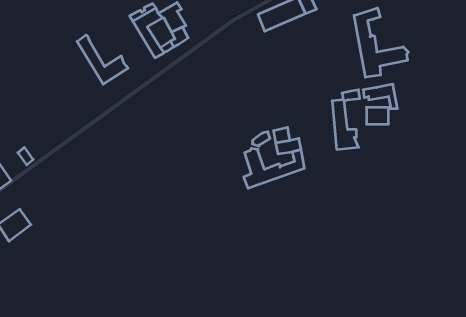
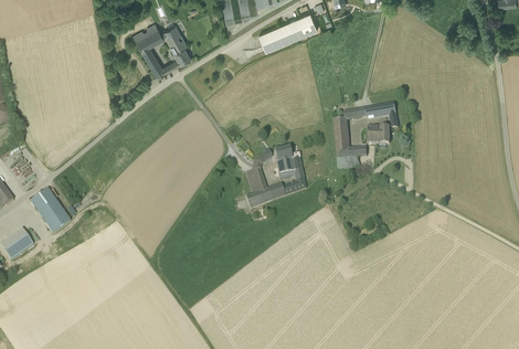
building: [354,8,408,77] -> none
building: [77,35,128,84] -> none
building: none -> [30,188,71,232]

